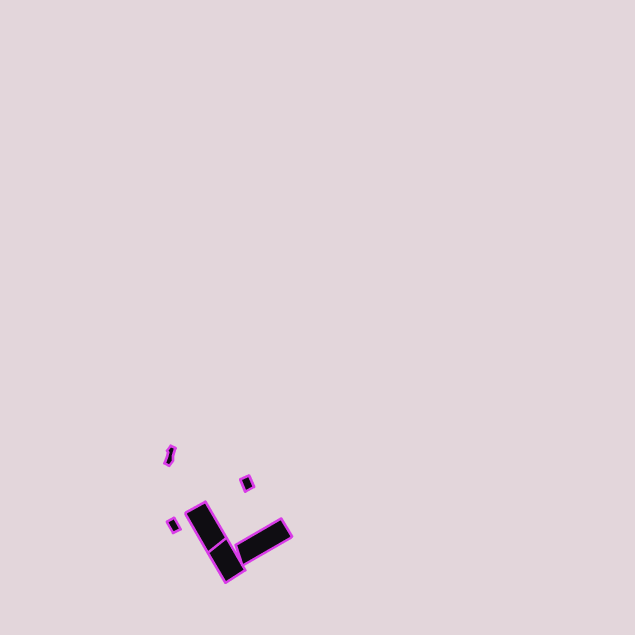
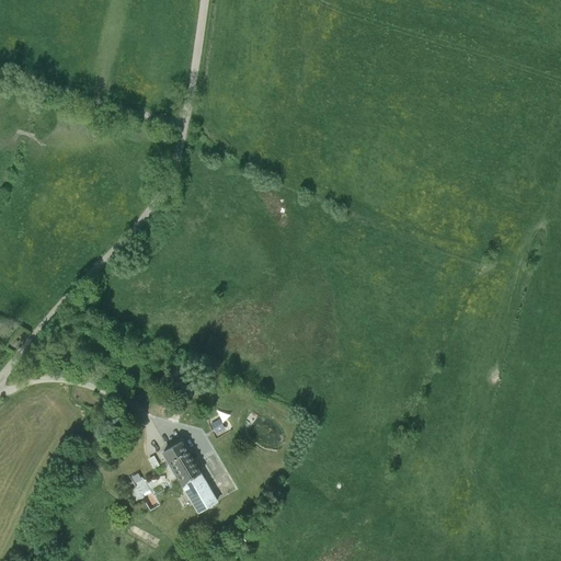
building: [236,519,292,566] -> none

